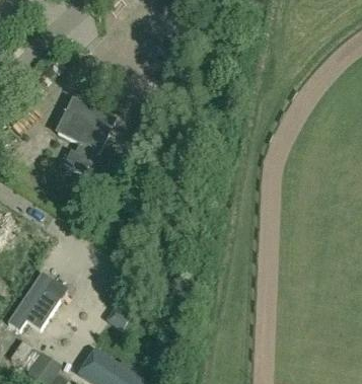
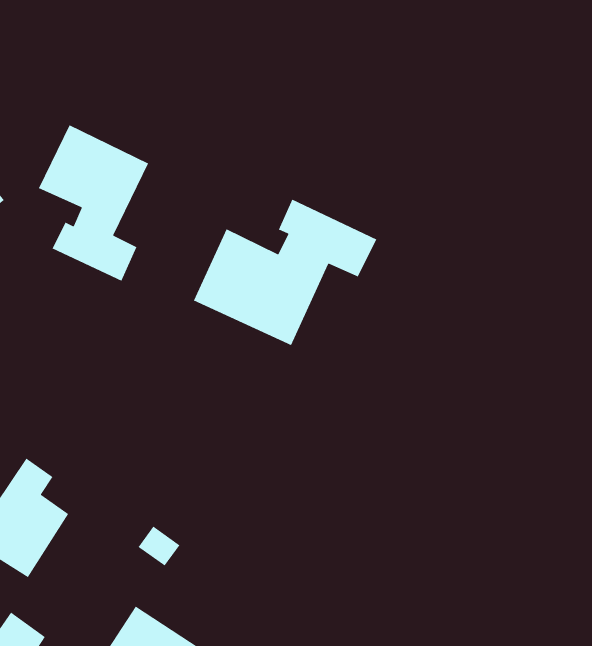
building: none -> [193,199,377,346]

